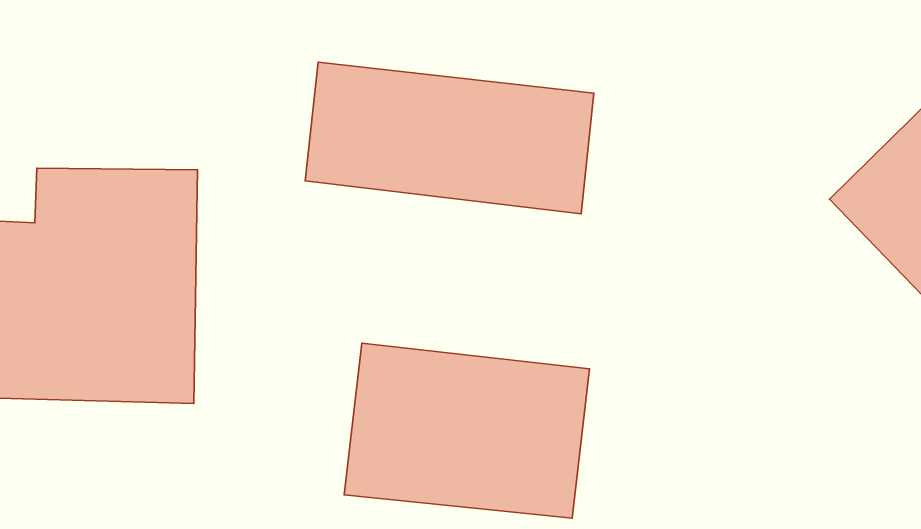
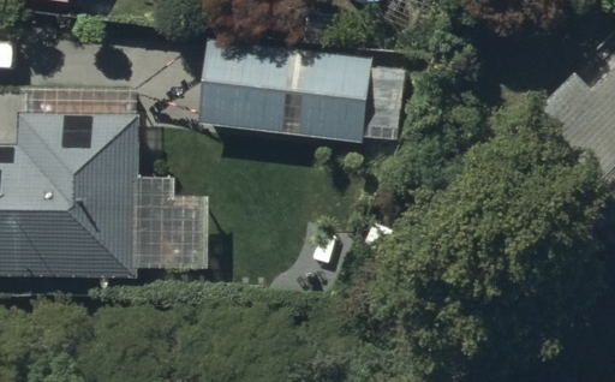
building: [344,343,589,518] -> none

